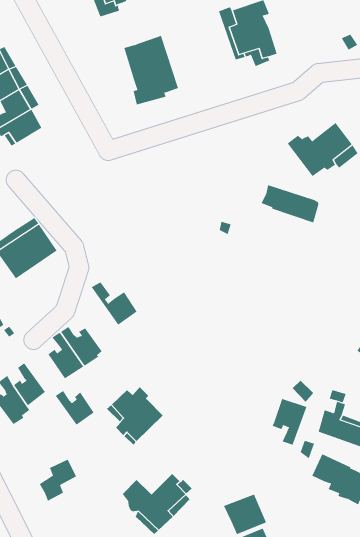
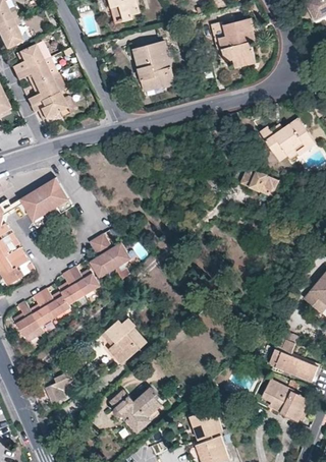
building: none -> [90,236,115,277]
building: [55,390,95,425] -> [40,288,70,316]
building: [272,398,307,446] -> none

